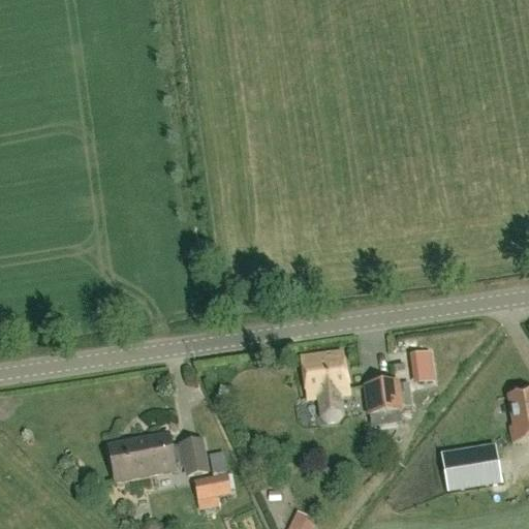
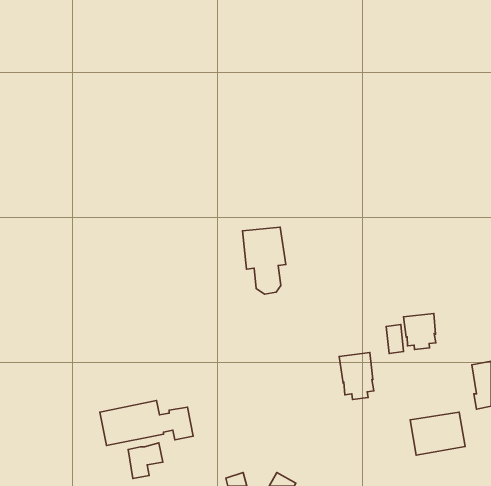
building: none -> [403,314,436,349]
building: [303,350,349,423] -> [243,227,286,294]
building: [194,471,231,509] -> [128,443,163,478]

